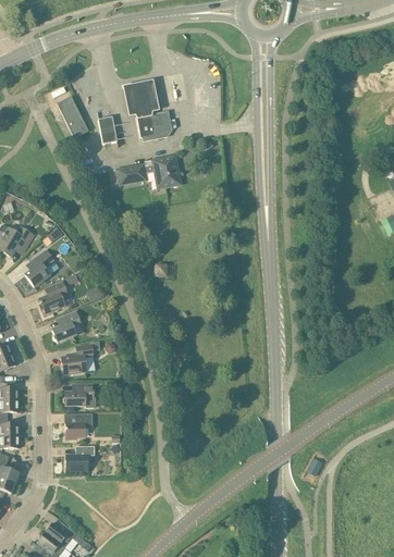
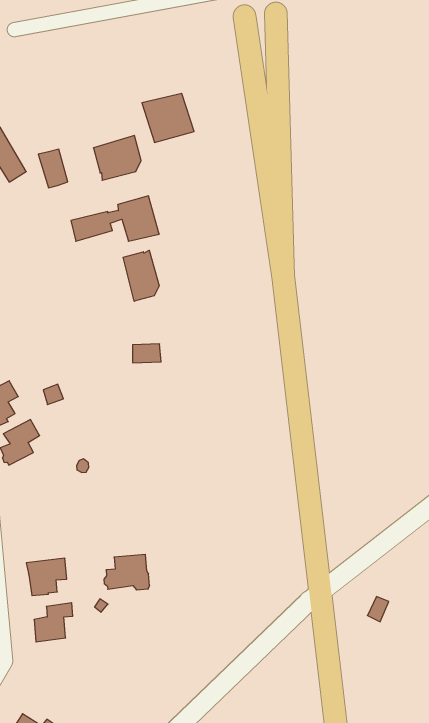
building: [127,83,163,116] -> [142,93,194,142]
building: none -> [123,250,159,301]
building: [60,343,93,374] -> none
building: [62,383,95,408] -> [104,554,150,590]

